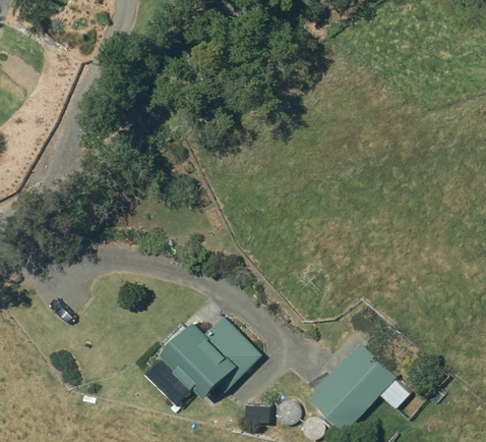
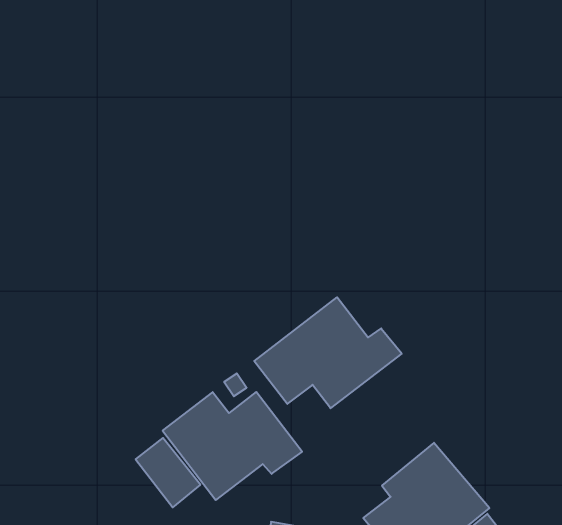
building: none -> [254,297,402,408]

